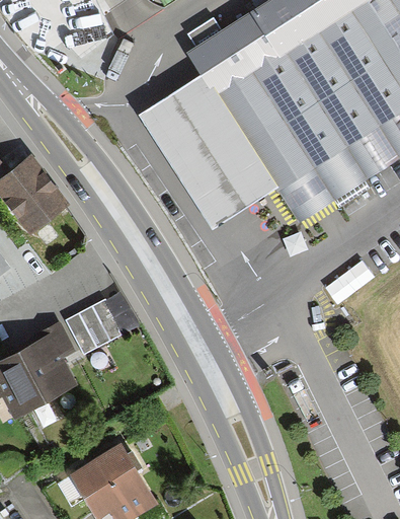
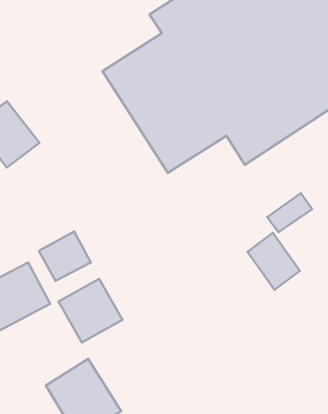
building: none -> [248,233,300,290]
building: none -> [59,279,123,342]

